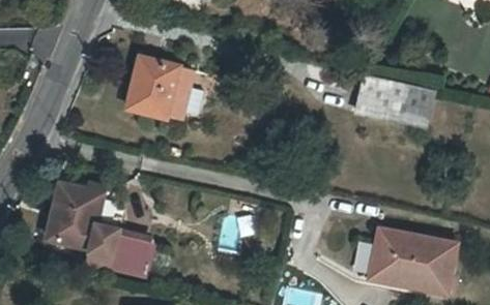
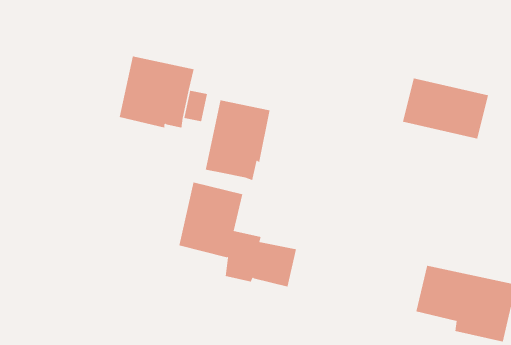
building: none -> [205,99,270,181]
building: [50,182,150,271] -> [178,182,297,287]

